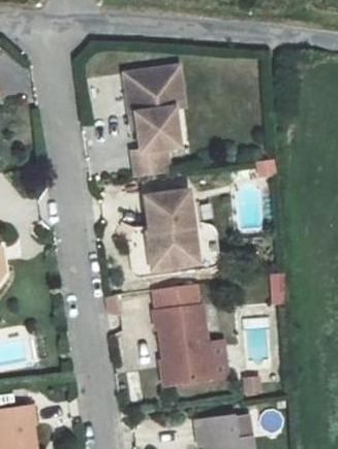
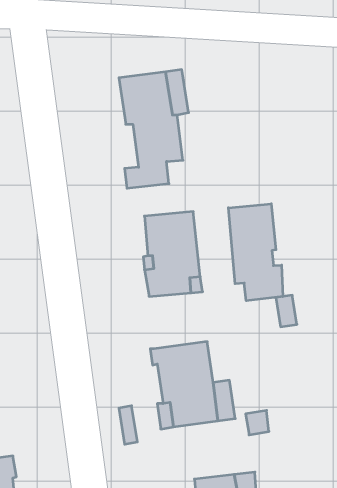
building: none -> [228,204,283,301]
building: [154,286,203,316] -> none

